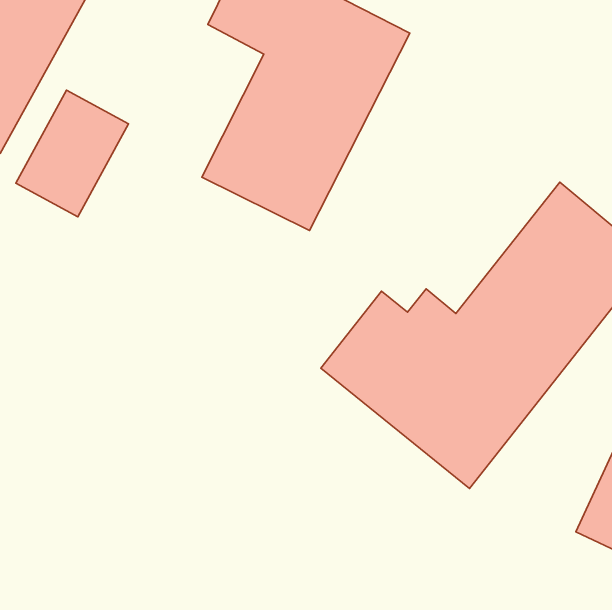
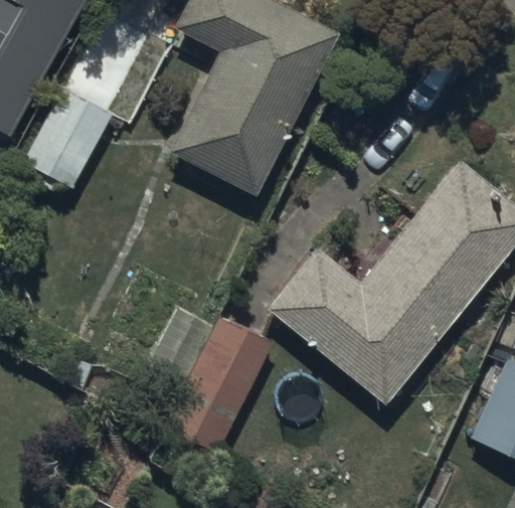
building: none -> [147,310,271,457]

